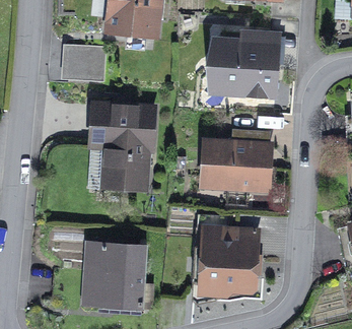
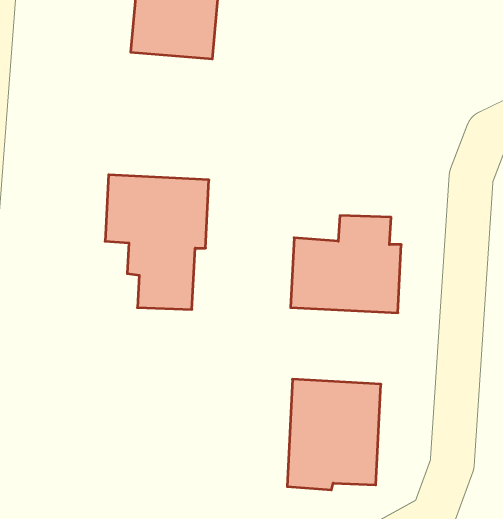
building: [207,32,278,96] -> none
building: [68,46,104,81] -> none
building: [84,250,146,303] -> none

